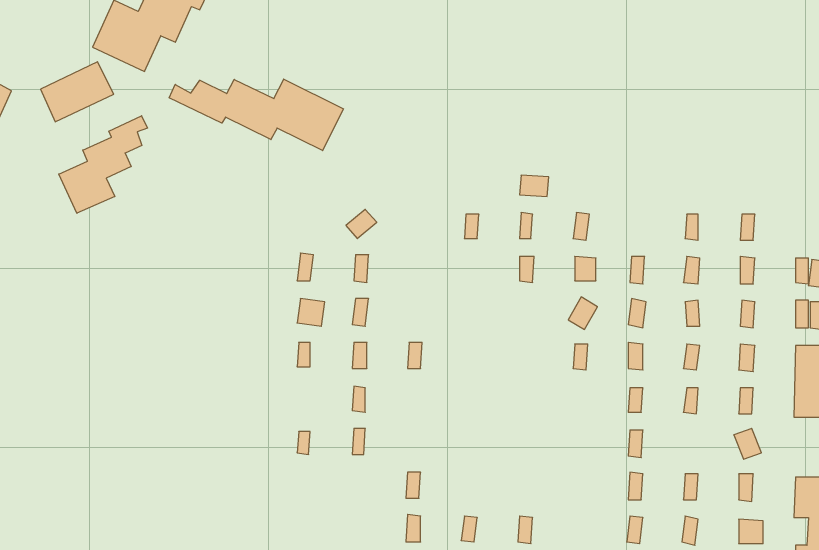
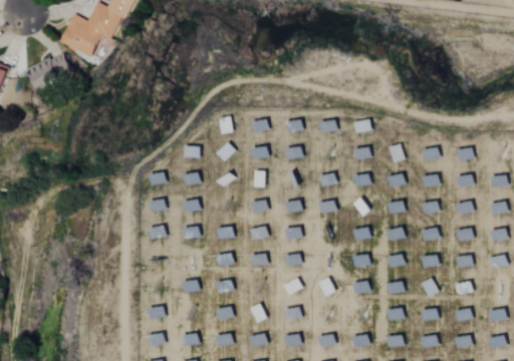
building: [169,79,343,151] -> none
building: [59,116,148,213] -> none

